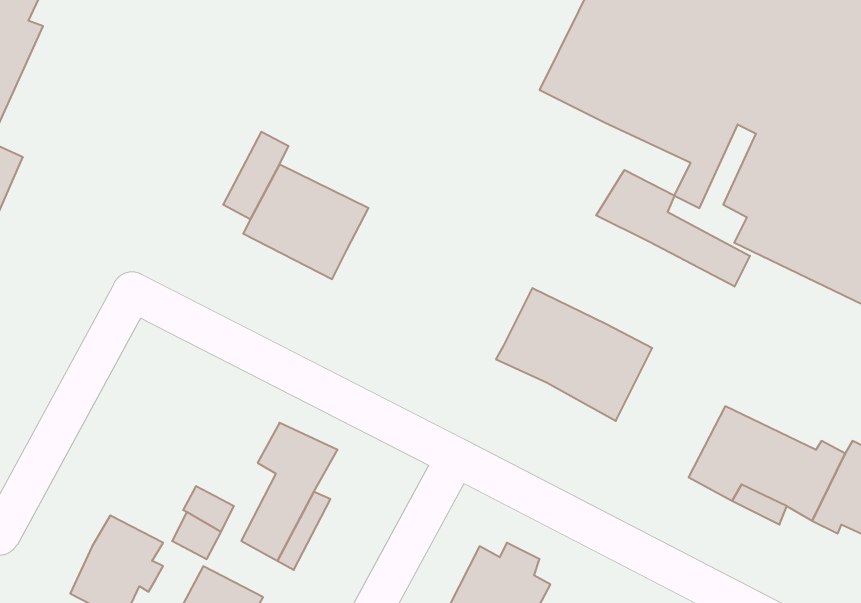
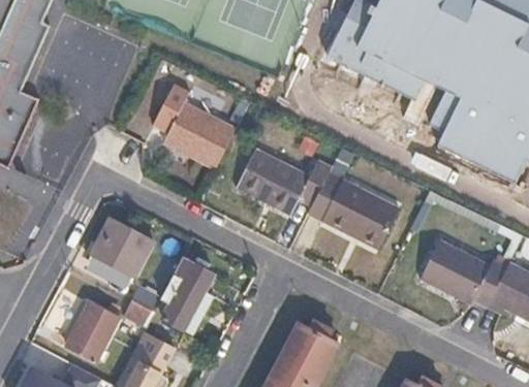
building: [596,170,750,287] -> none
building: none -> [234,147,332,213]
building: none -> [90,219,153,278]

